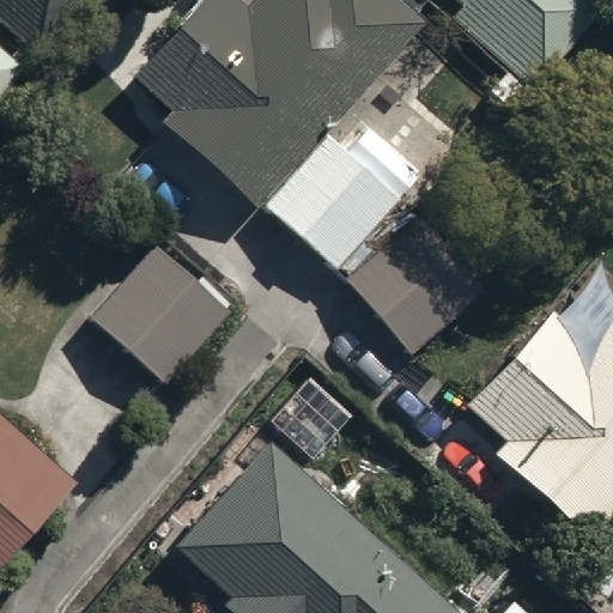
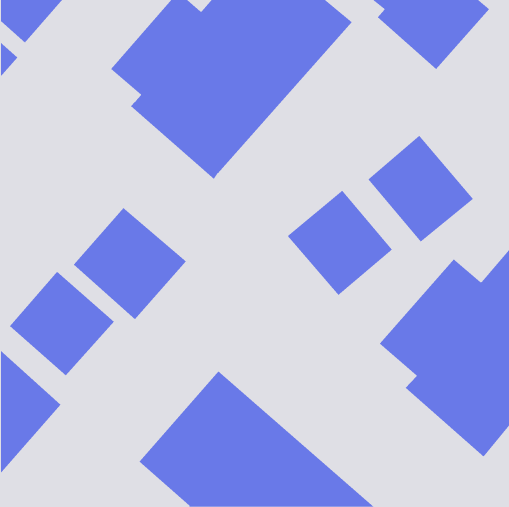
building: [267,114,420,268] -> none
building: none -> [367,135,474,243]
building: none -> [9,271,115,376]

